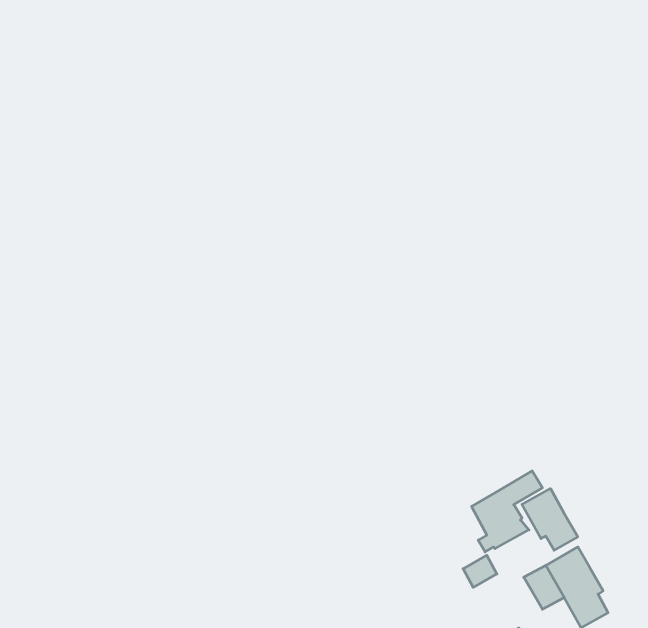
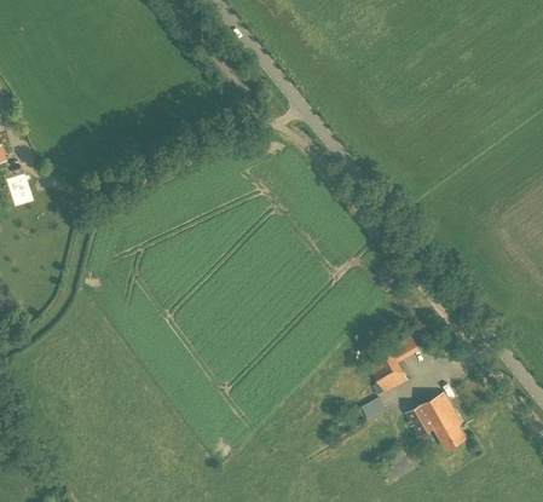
building: [522,489,578,550] -> none

